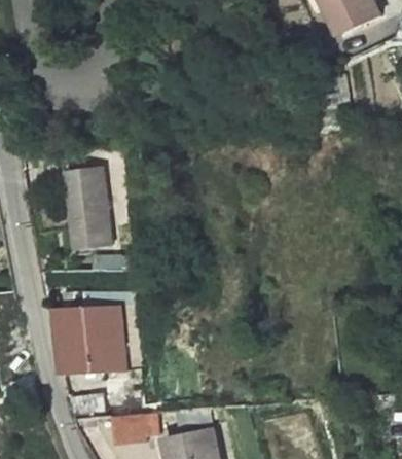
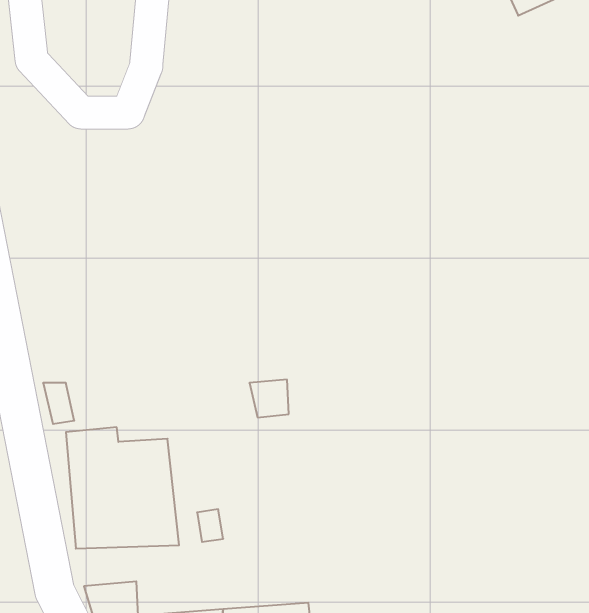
building: [64,168,108,247] -> none

